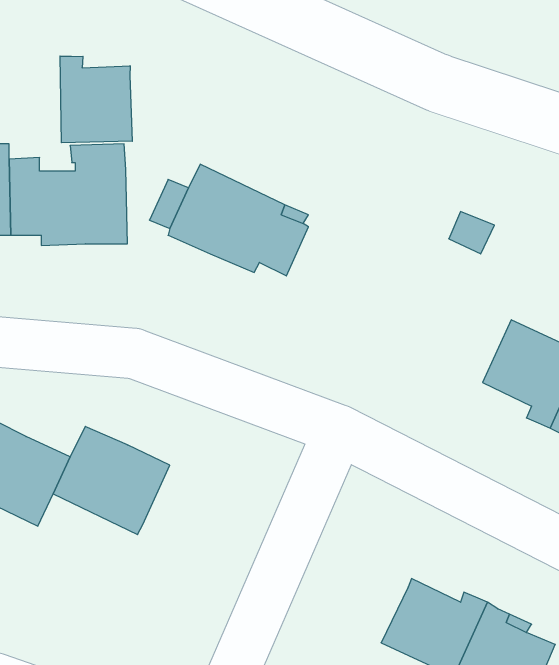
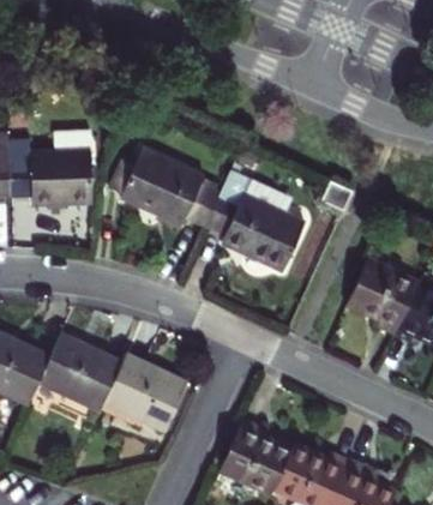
building: [60,56,132,143] -> none
building: none -> [206,192,306,271]
building: none -> [104,353,188,431]
building: none -> [221,417,293,493]

